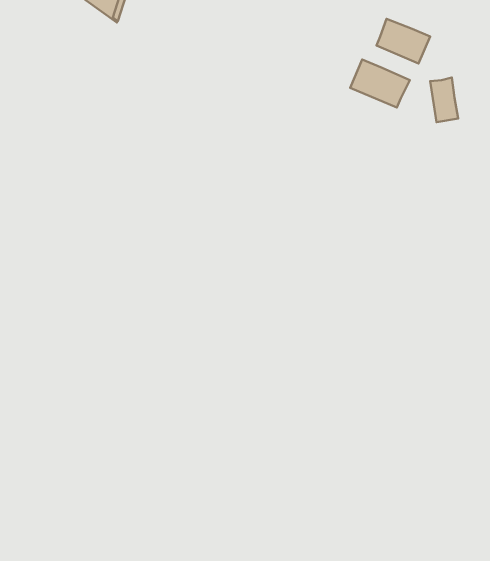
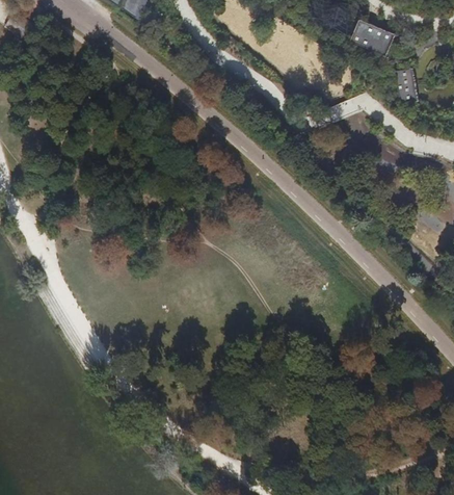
building: [350,59,410,108] -> none

